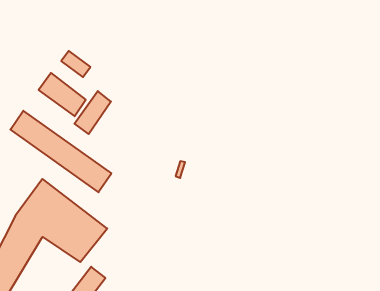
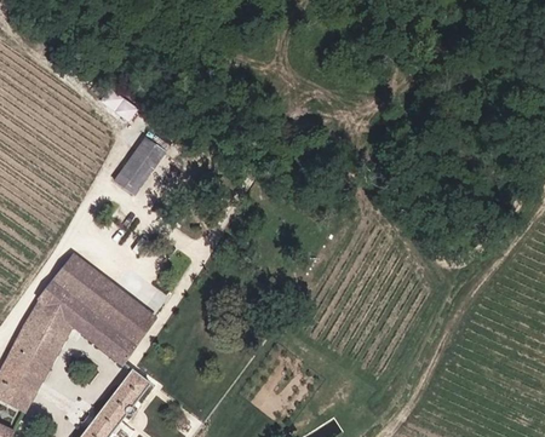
building: [39,73,86,116] -> none
building: [10,111,111,192] -> none

